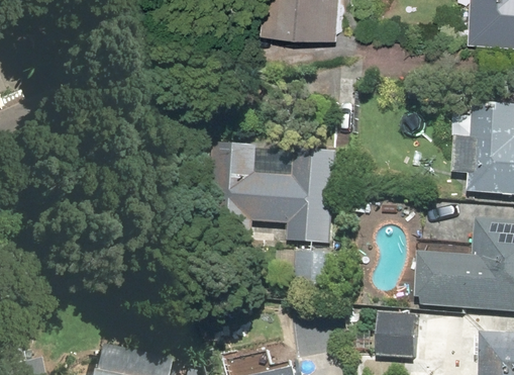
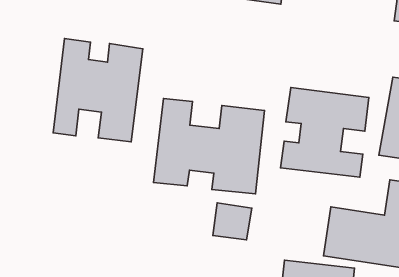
building: none -> [53,38,143,142]
building: none -> [280,88,369,177]

